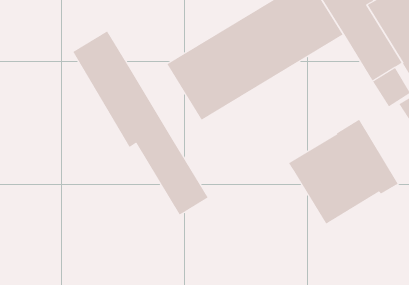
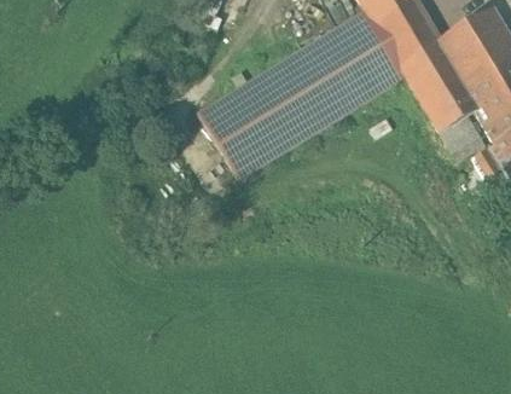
building: [73,30,208,216] -> none
building: [288,119,399,225] -> none

